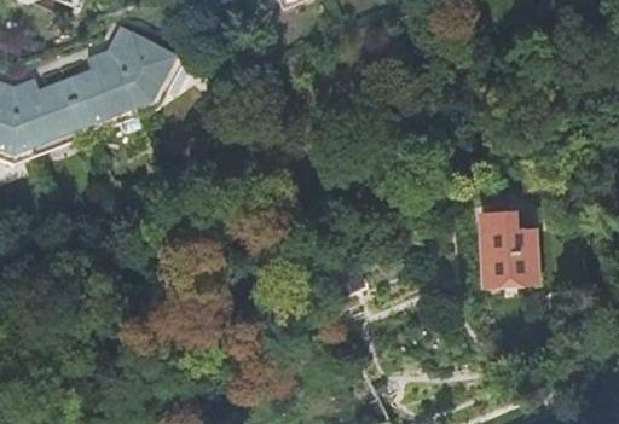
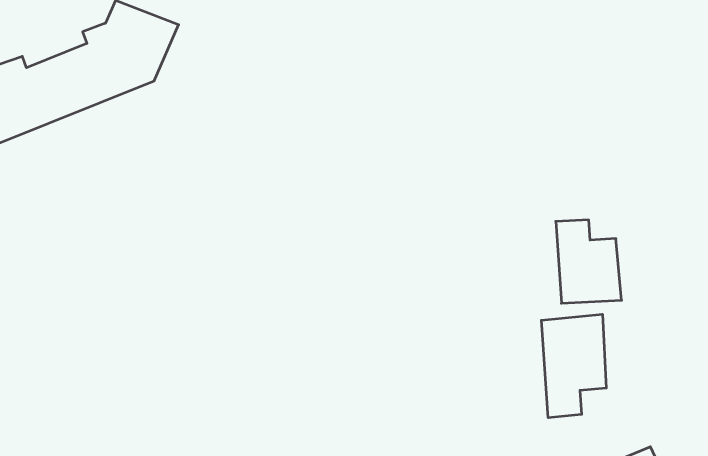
building: none -> [541,314,606,418]

